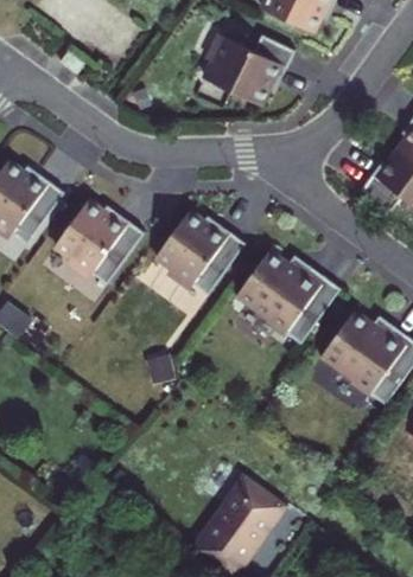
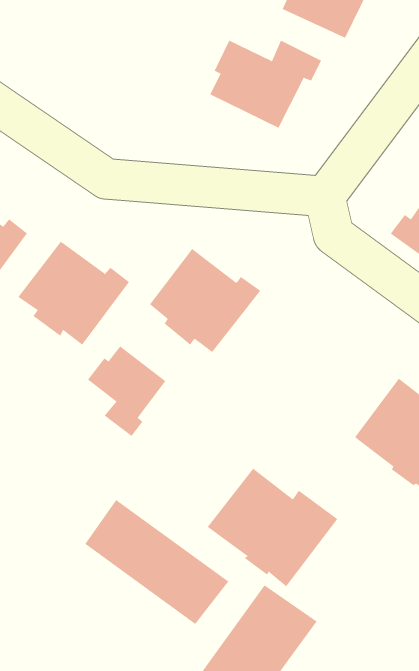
building: [237,249,343,345] -> [207,468,338,587]
building: none -> [87,345,166,437]
building: none -> [84,499,229,625]

